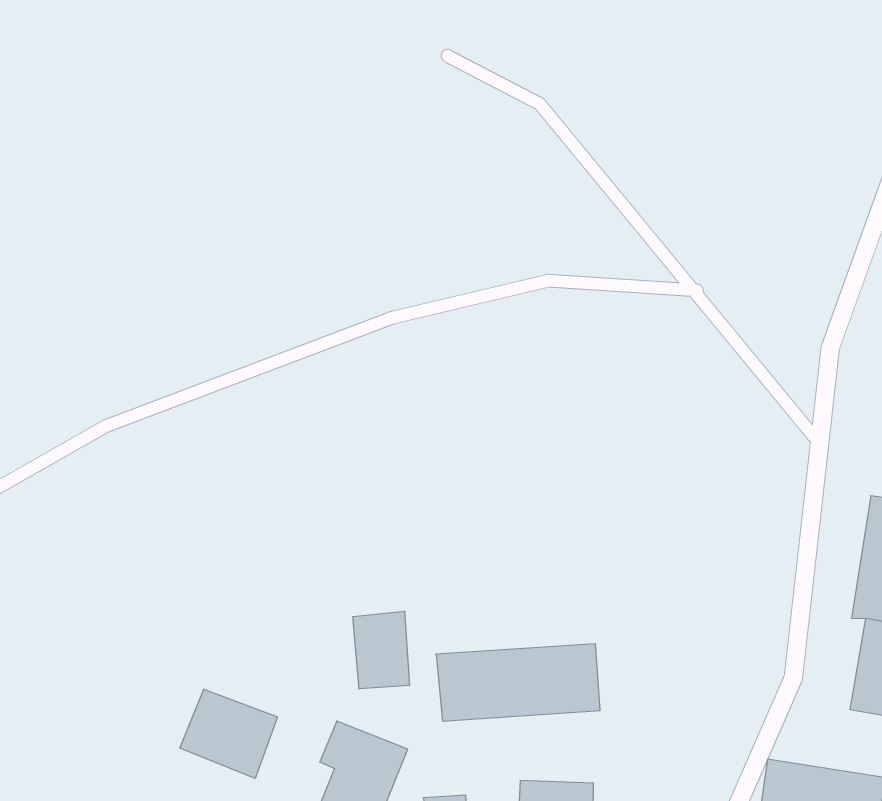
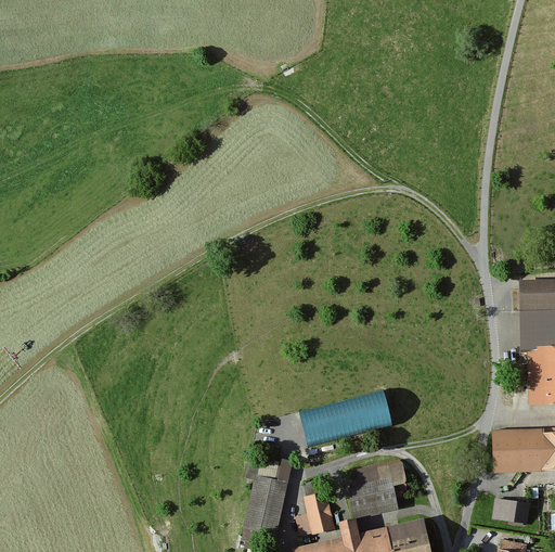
building: [353,611,410,689] -> none
building: [180,689,278,778] -> none

